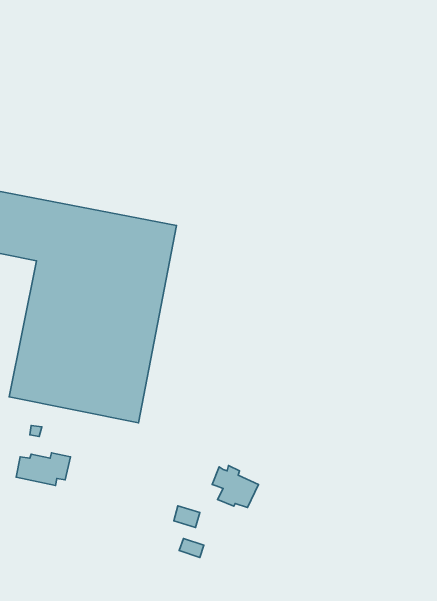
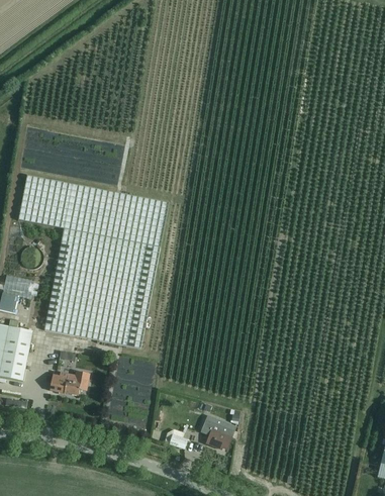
building: [212,465,258,508] -> [200,417,234,449]

